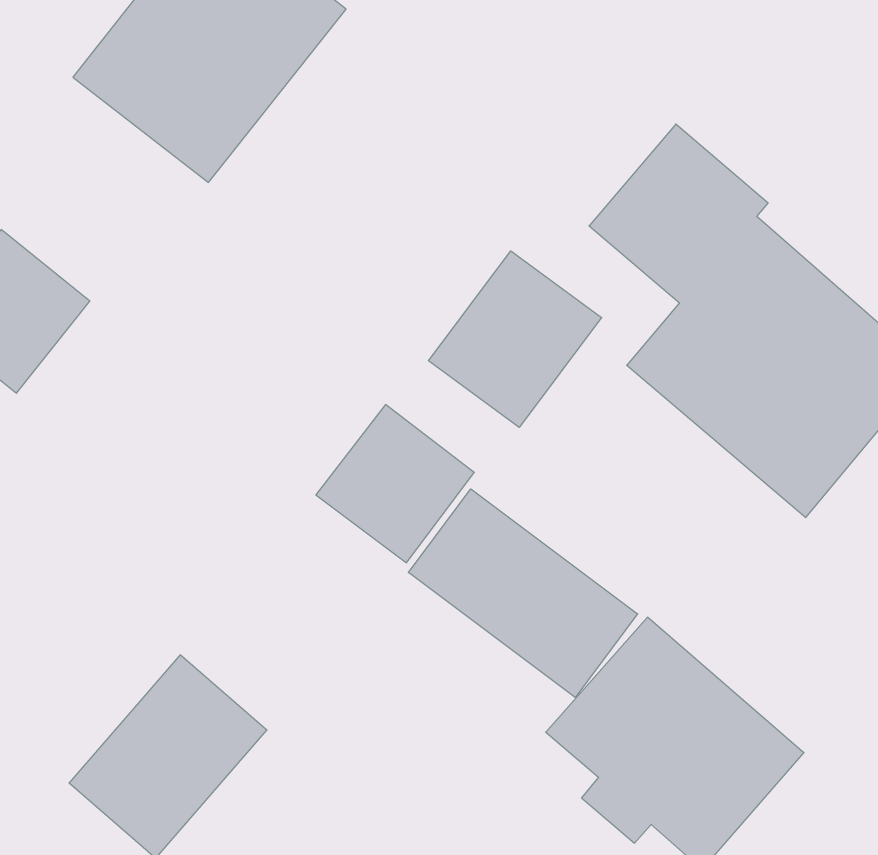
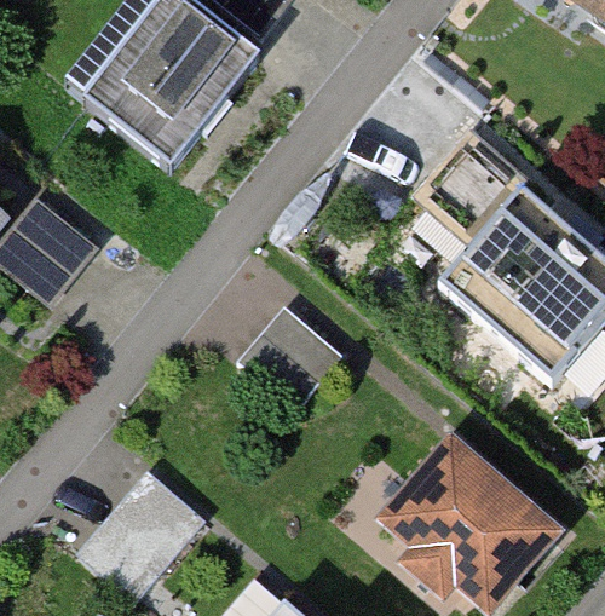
building: [428,251,602,427] -> none
building: [408,489,638,697] -> none

